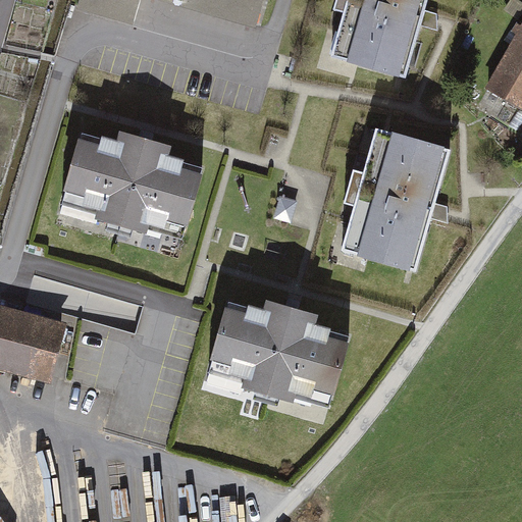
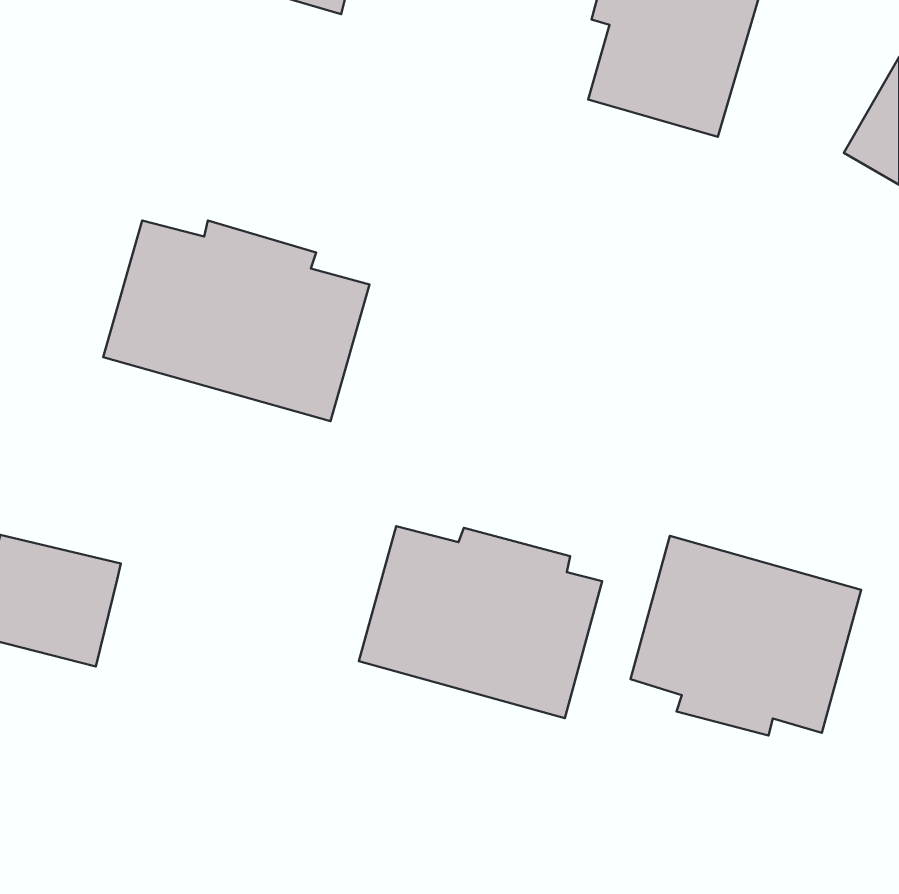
building: [336,128,448,271] -> none
building: none -> [630,536,861,736]

